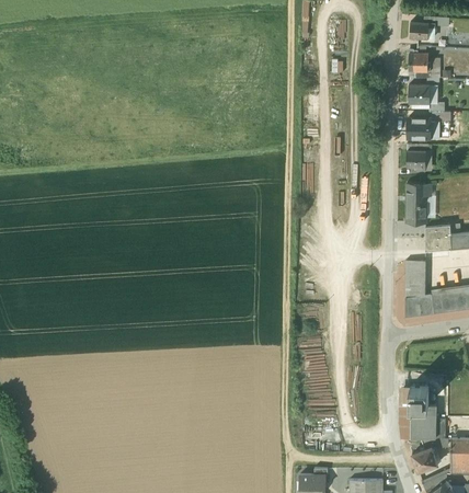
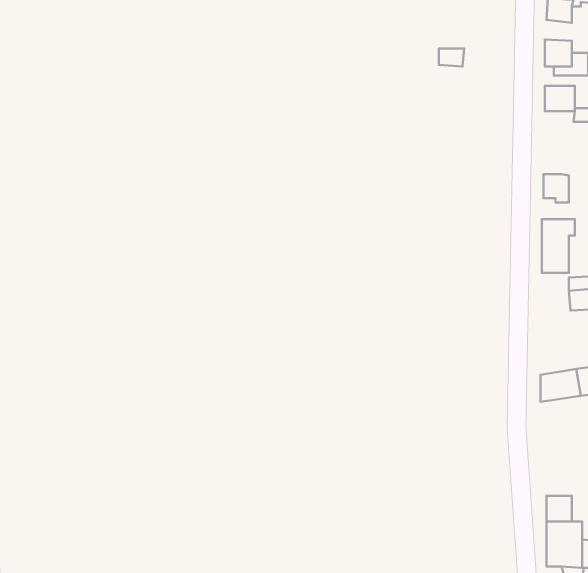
building: [408,117,430,139] -> none
building: [405,261,426,298] -> none

